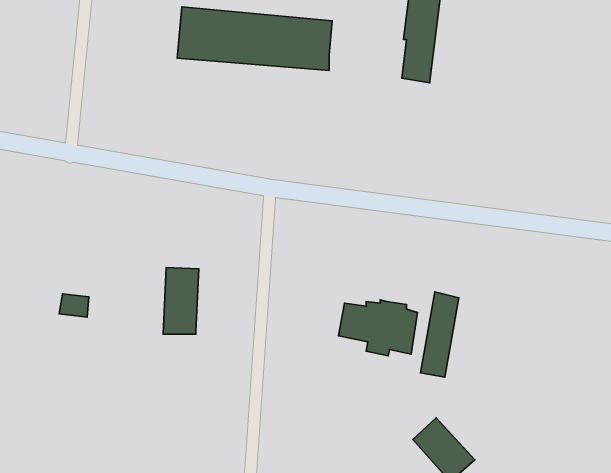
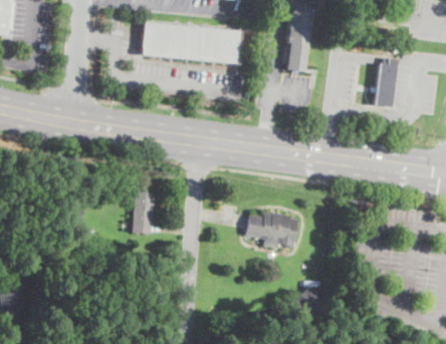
building: none -> [375,58,399,107]
building: [421,292,459,377] -> none

